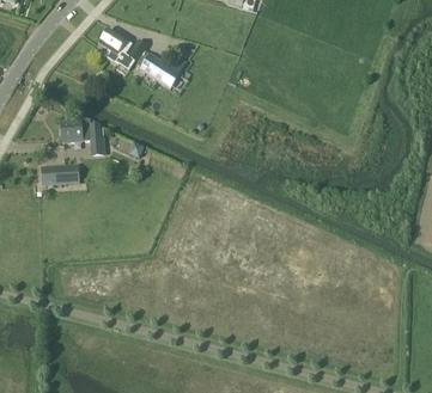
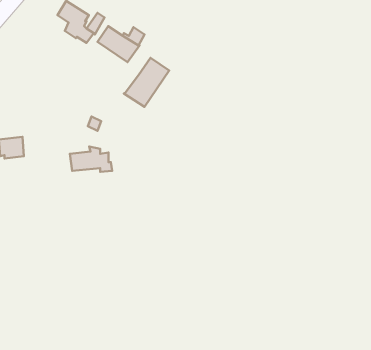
building: none -> [124,58,169,107]
building: [60,117,102,142] -> [70,147,112,172]

